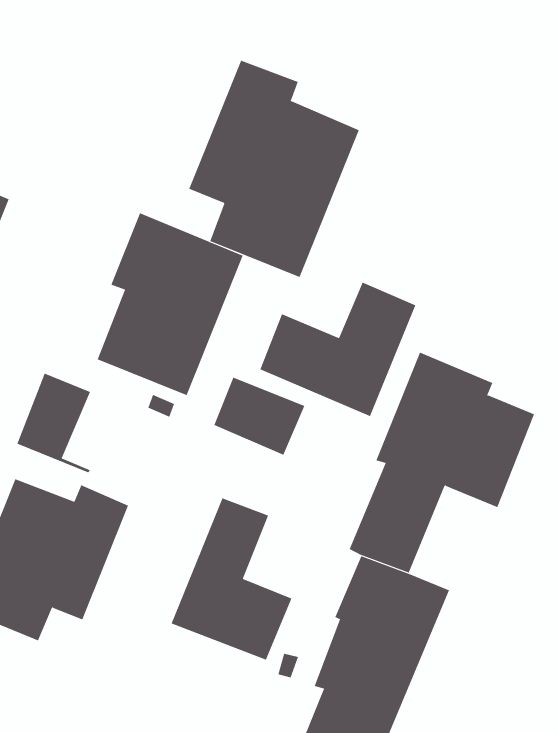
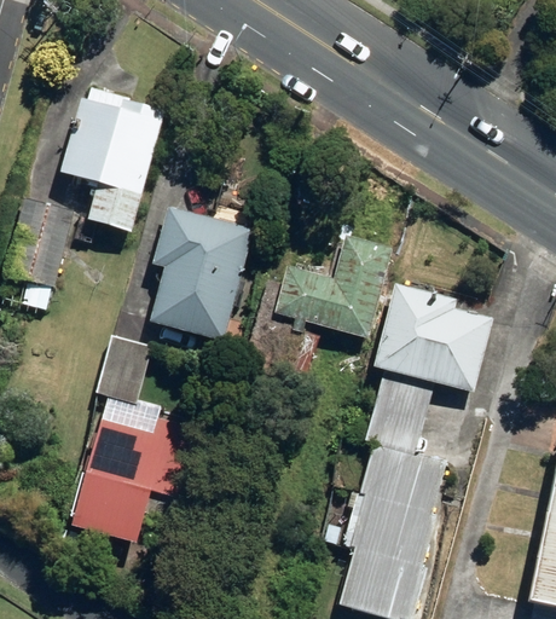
building: none -> [60,91,161,231]
building: [188,60,360,278] -> none
building: [171,498,292,661] -> none

